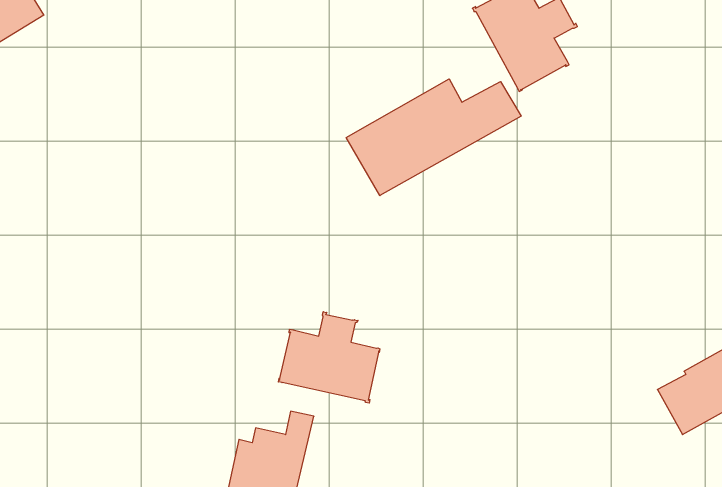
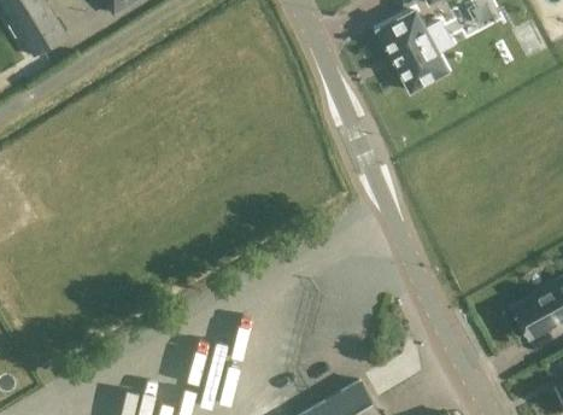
building: [346,79,521,196] -> none
building: [278,312,380,403] -> none

